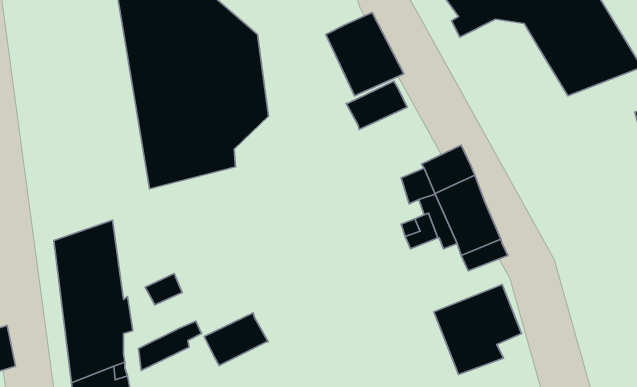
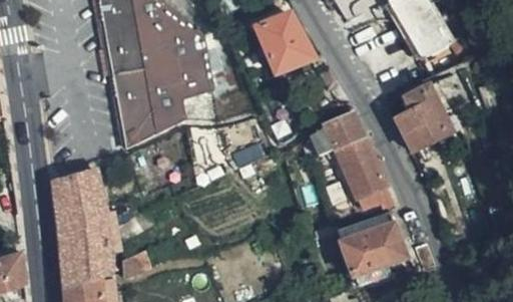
building: [346,81,407,129] -> none
building: none -> [394,83,450,148]
building: [204,313,268,366] -> none

